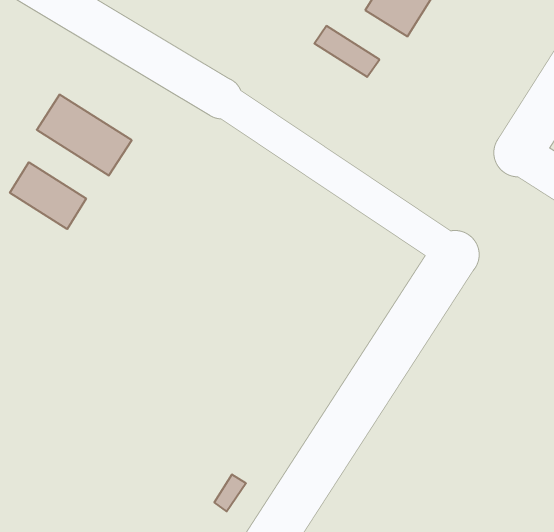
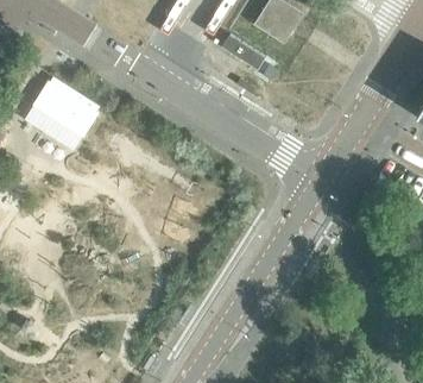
building: [10,162,86,229] -> none

